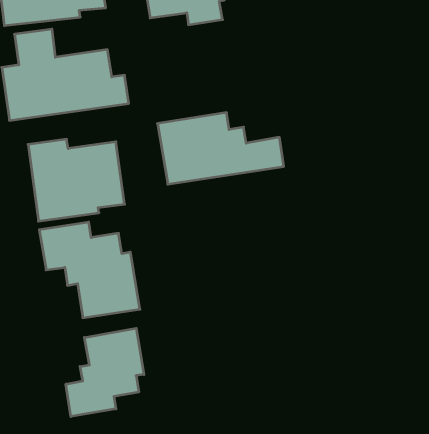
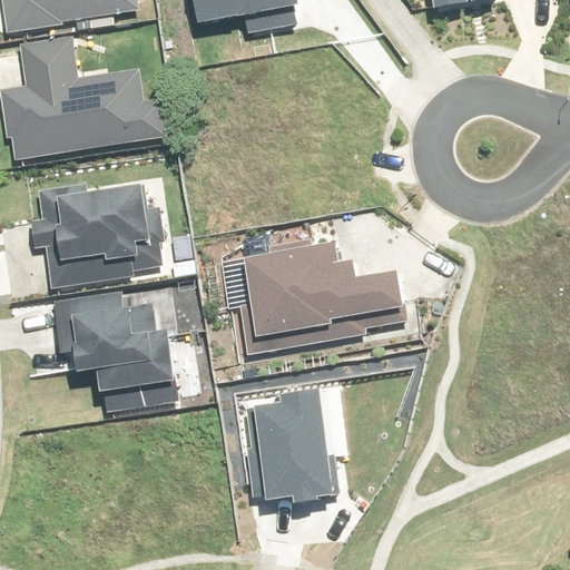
building: [157,113,284,184] -> [238,245,403,338]
building: none -> [252,395,332,503]
building: [66,328,144,417] -> none

